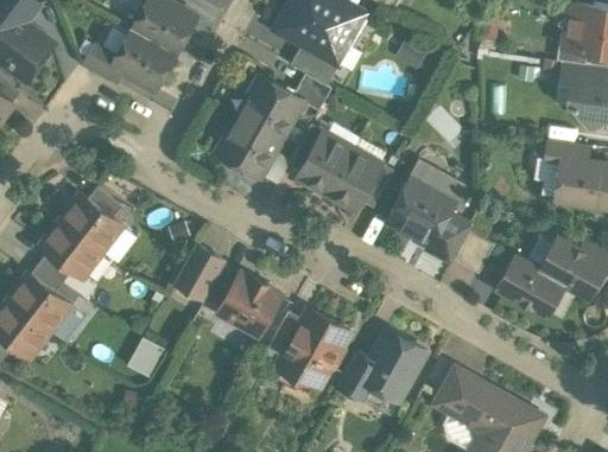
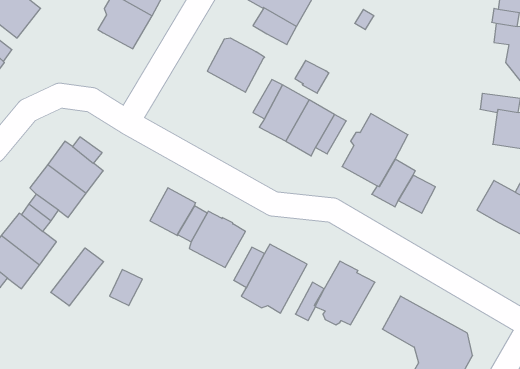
building: [83,45,122,83] -> none
building: [293,72,331,109] -> [295,60,329,93]
building: [217,114,281,176] -> none
building: [498,256,565,316] -> none
building: none -> [51,248,104,306]

